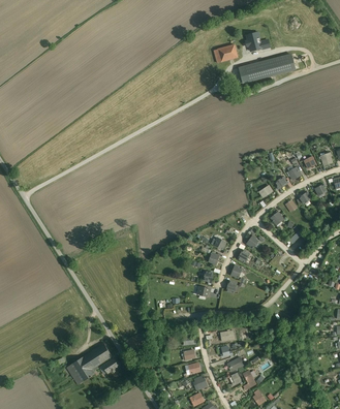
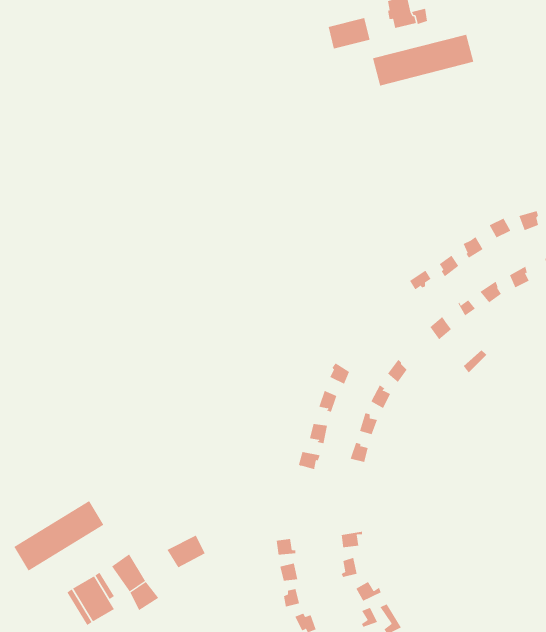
building: none -> [13,500,104,572]

